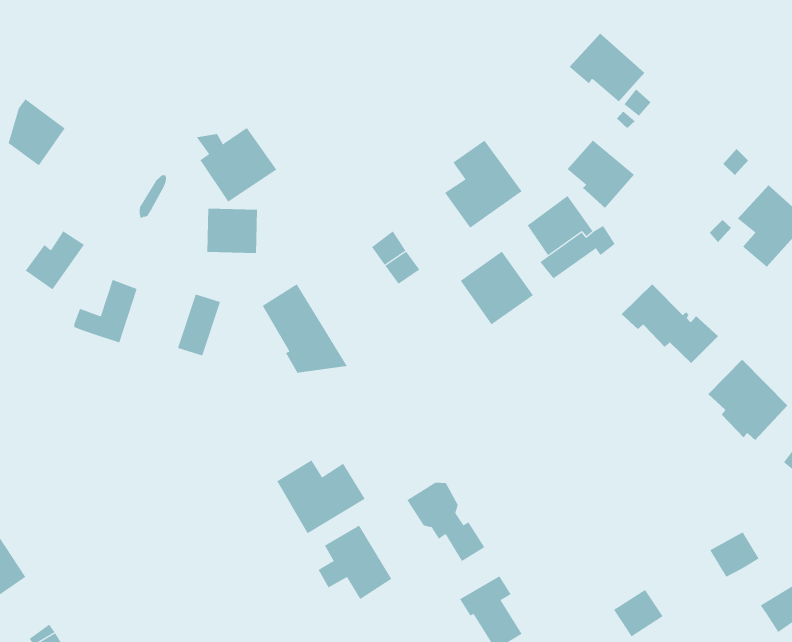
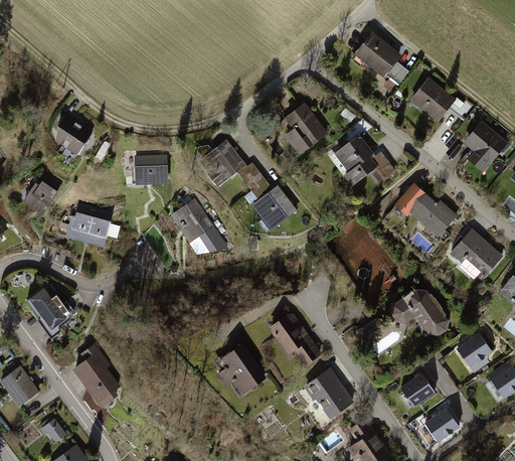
building: [8,98,66,166] -> [58,115,94,156]
building: [196,127,277,202] -> [195,140,246,187]
building: [567,140,635,209] -> [413,80,456,122]
building: [460,251,534,325] -> [251,185,298,232]
building: [177,294,221,356] -> [88,208,113,247]
building: none -> [27,288,74,332]
building: none -> [391,290,449,337]
building: [277,459,365,534] -> none
building: none -> [75,344,118,400]

